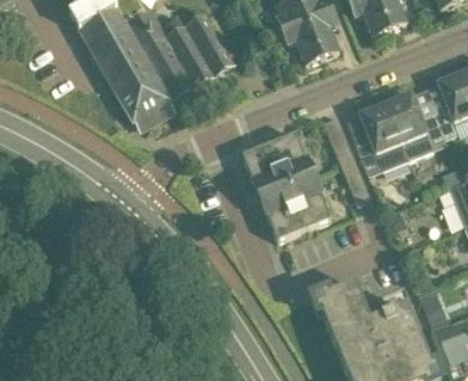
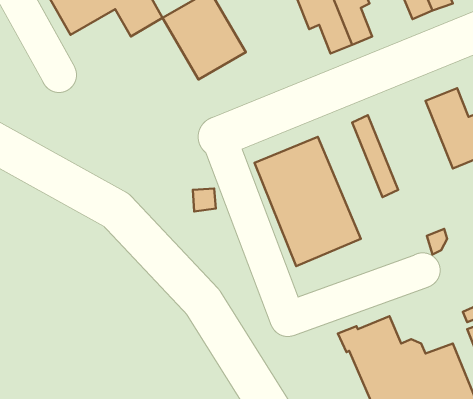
building: [90,26,196,121] -> none
building: [356,103,407,170] -> none

